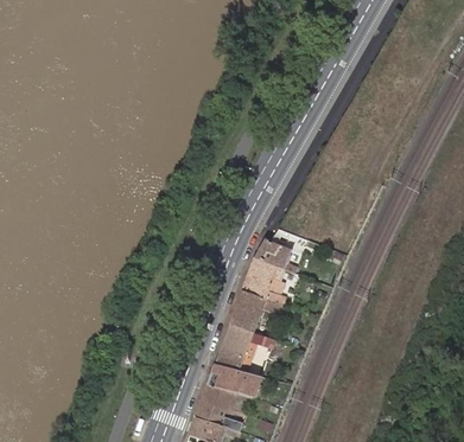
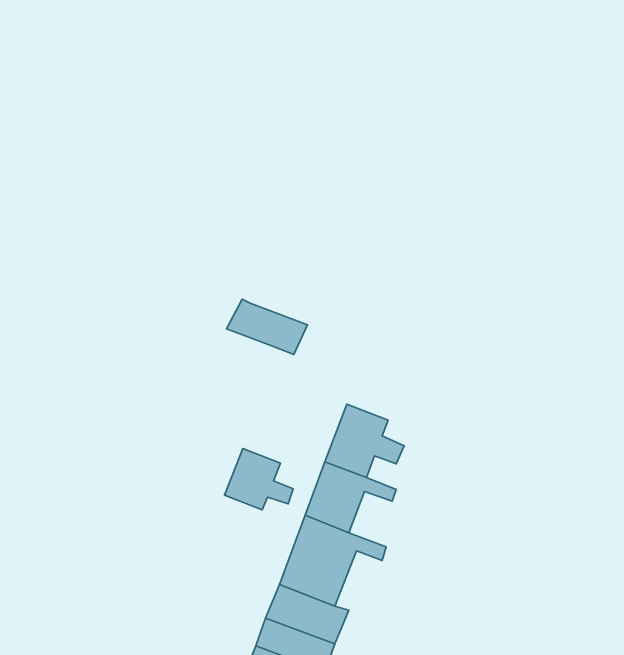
building: [253,238,301,271] -> [227,299,308,354]
building: none -> [224,448,293,510]

